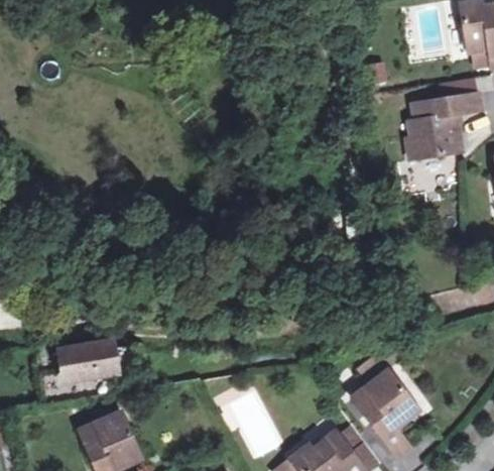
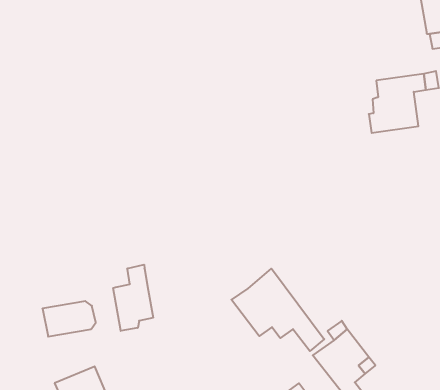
building: none -> [113,265,153,331]
building: none -> [231,269,324,351]

